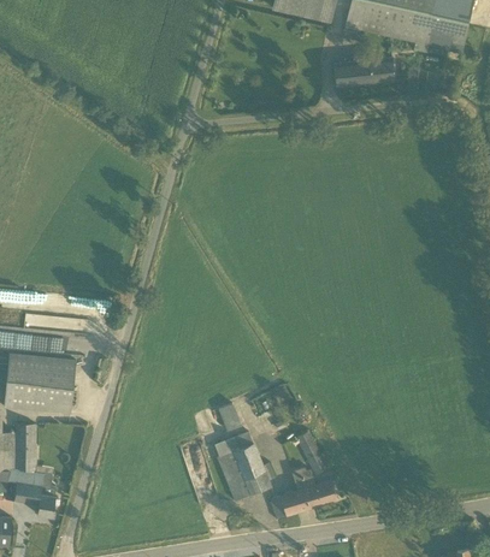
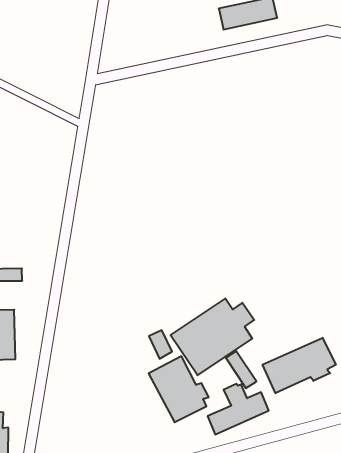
building: none -> [171,298,254,375]
building: none -> [263,338,336,393]

